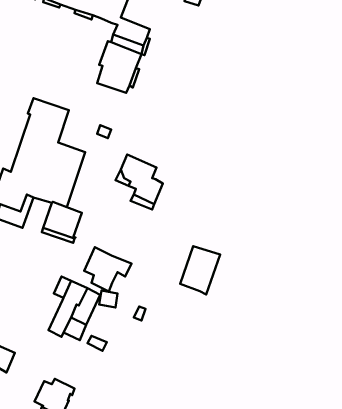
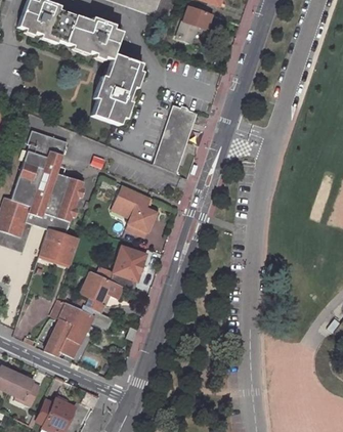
building: none -> [155,104,199,174]
building: [180,246,220,295] -> [108,244,145,290]
building: none -> [7,372,38,402]

